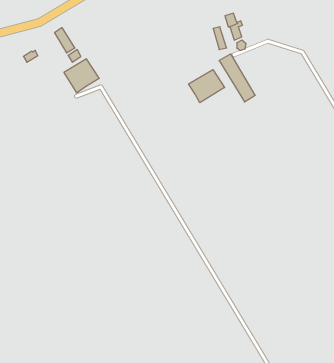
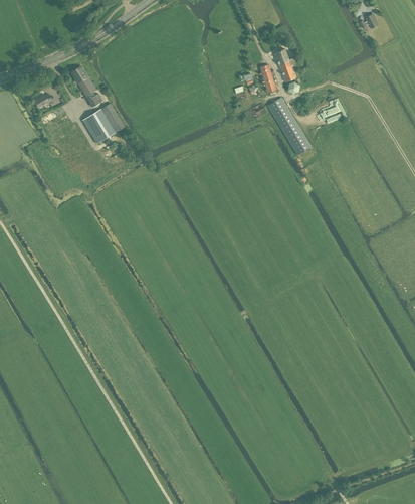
building: [189,70,225,103] -> none

